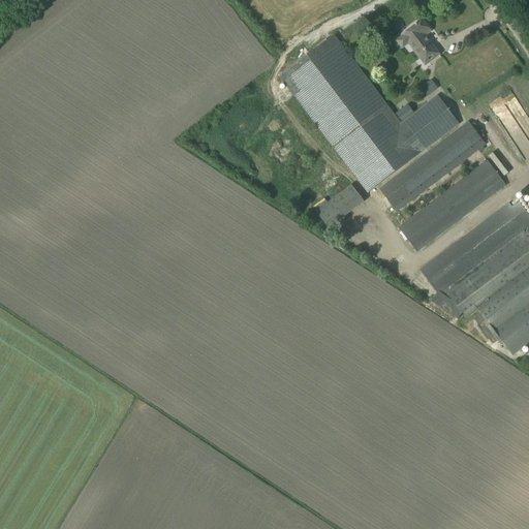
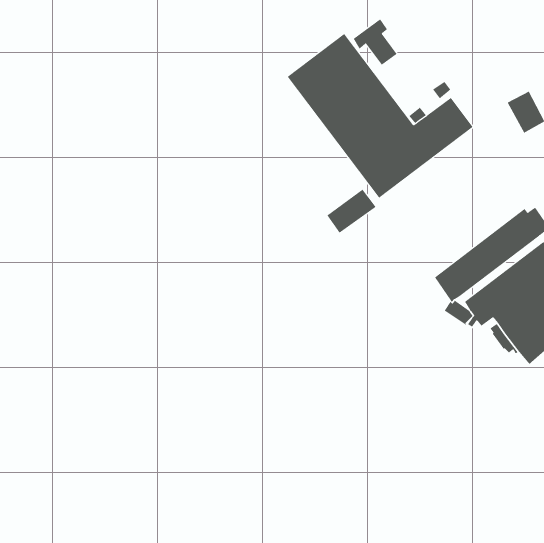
building: [397,19,440,64] -> [353,18,398,65]
building: [380,120,487,211] -> none
building: [399,159,506,250] -> none

